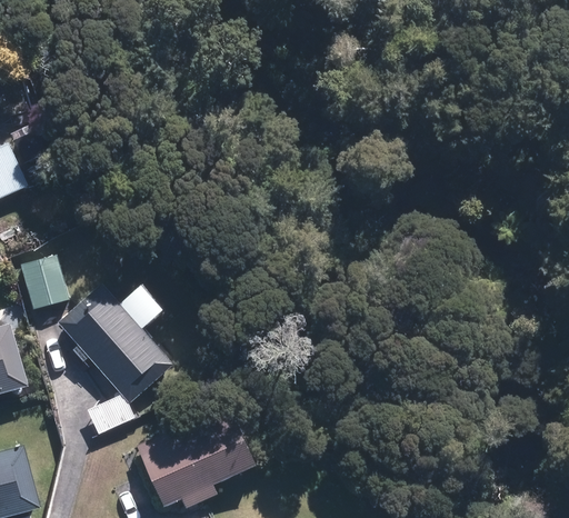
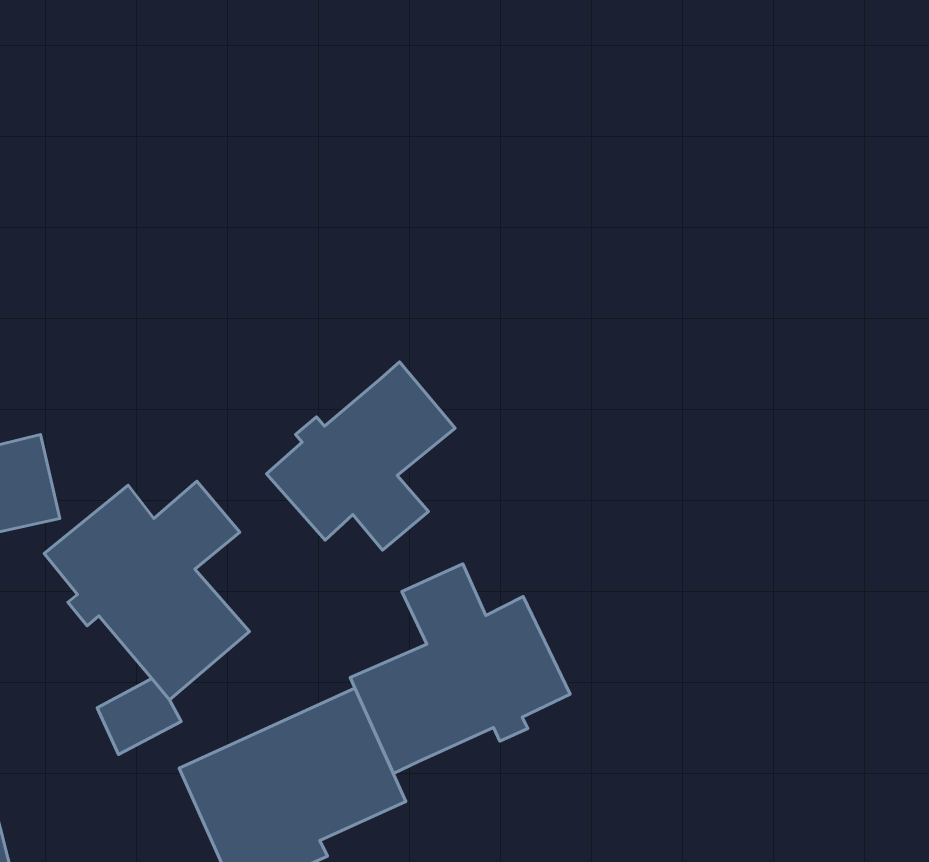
building: none -> [267,362,455,550]
building: none -> [350,564,570,774]

